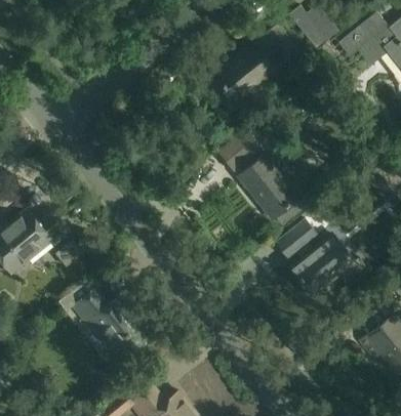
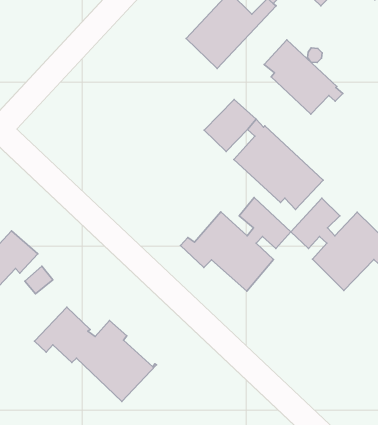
building: none -> [264,40,343,114]
building: none -> [180,198,291,291]

